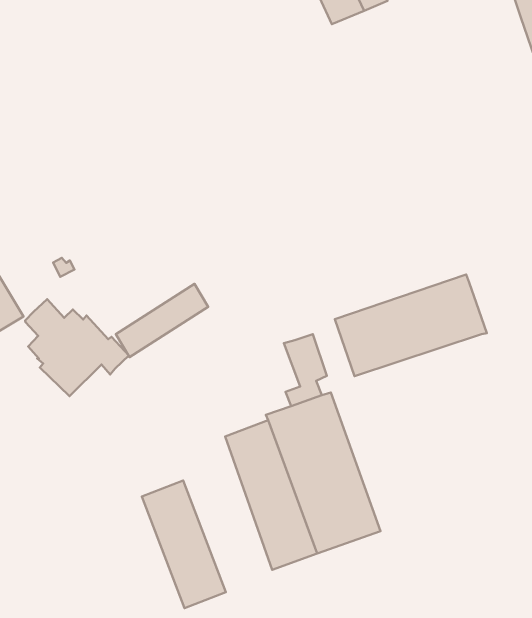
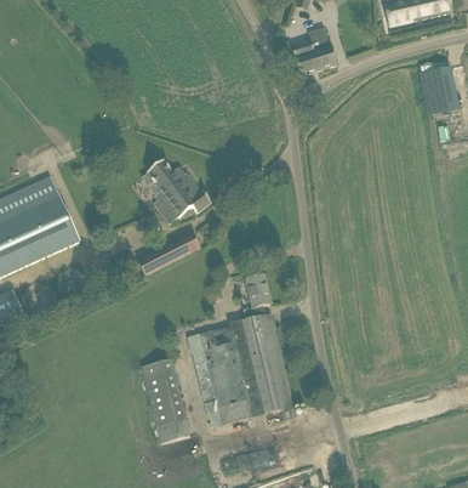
building: [335,274,487,376] -> none
building: [25,299,129,396] -> [147,158,211,222]

